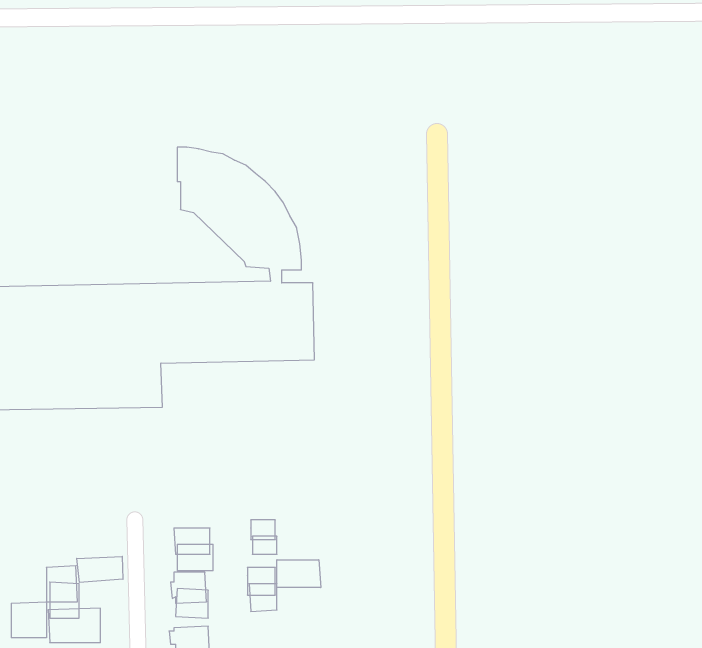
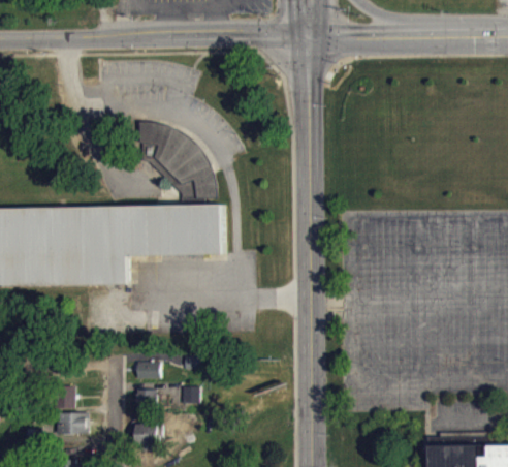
building: [77,556,123,582] -> none
building: [277,560,321,588] -> none
building: [11,602,46,638] -> none

